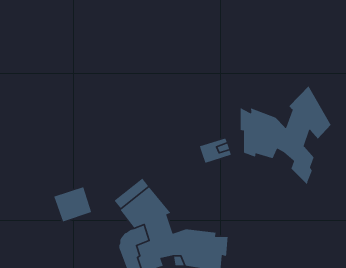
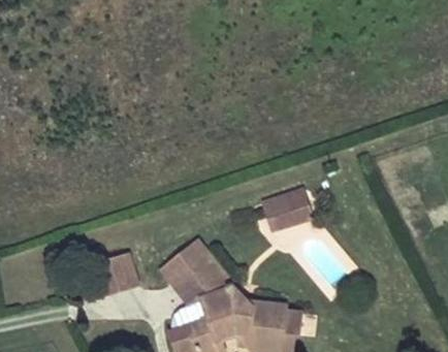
building: [240,85,331,185] -> none

